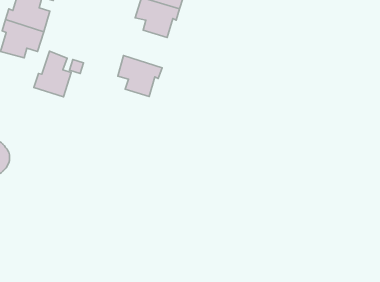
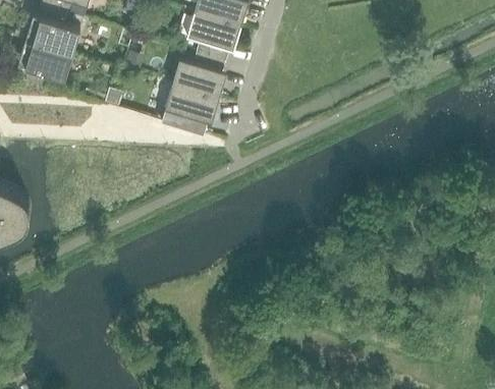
building: none -> [172,51,226,98]
building: [34,51,71,97] -> none

